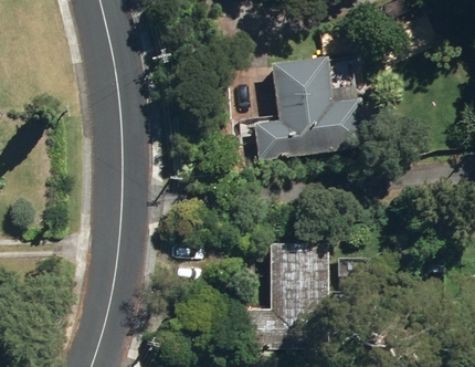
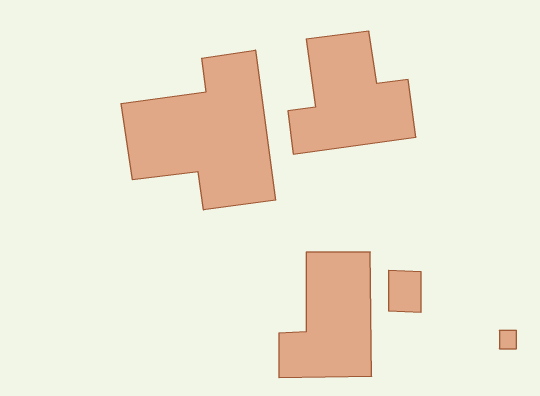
building: none -> [121,50,276,210]

